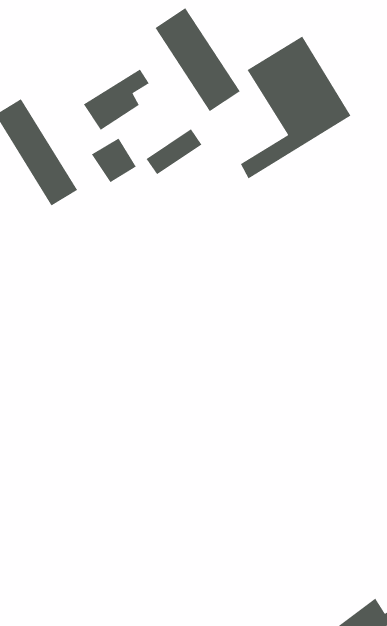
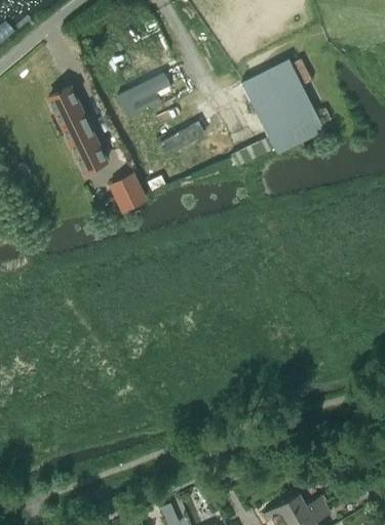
building: [154,7,241,112] -> none
building: [91,138,137,183] -> [111,174,145,208]

